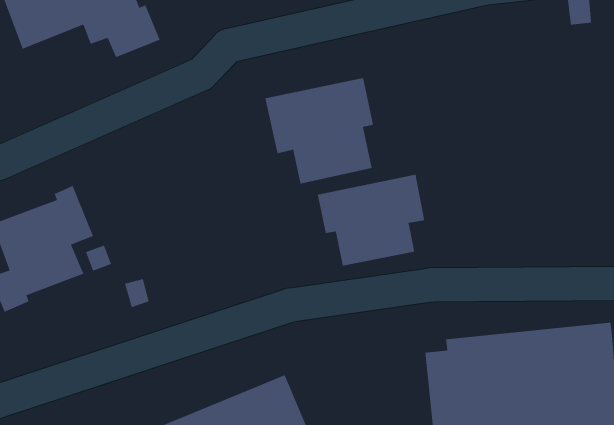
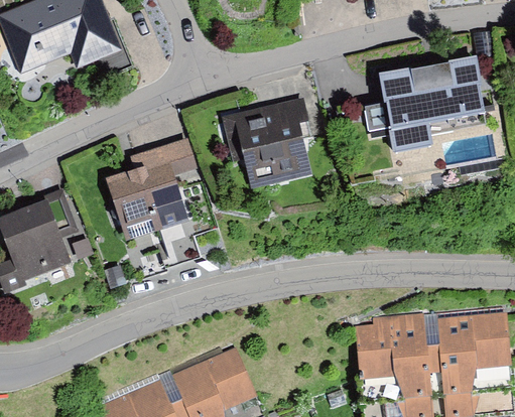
building: none -> [364,59,485,154]
building: none -> [106,137,198,240]
building: [317,174,425,267] -> none

